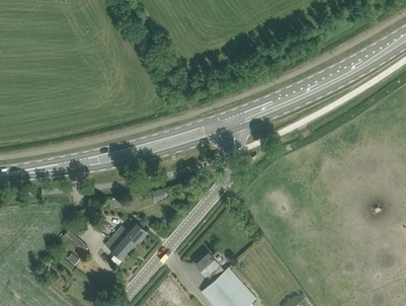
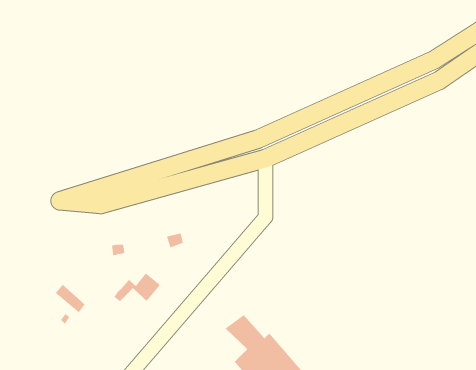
building: [103,234,135,260] -> none

